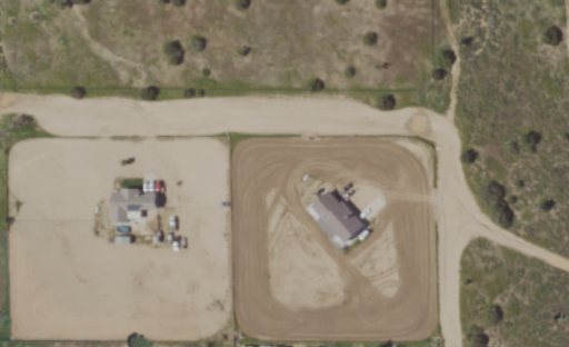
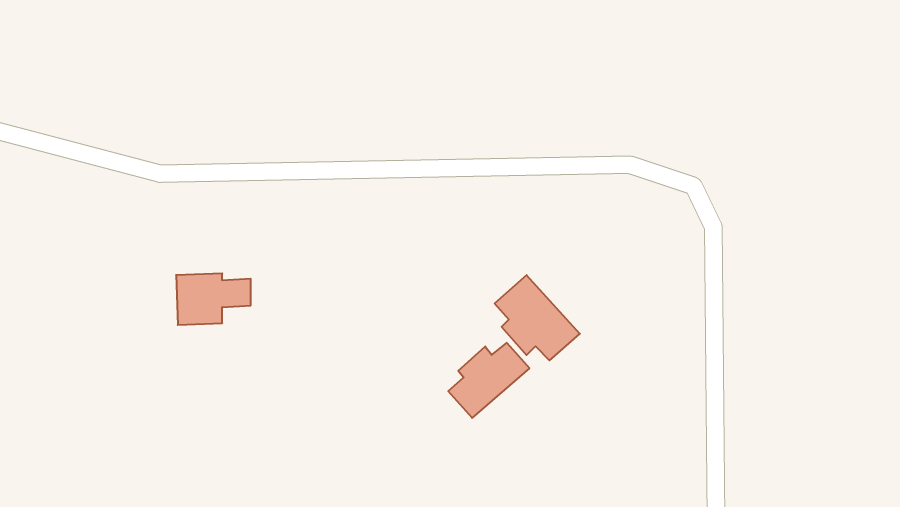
building: none -> [448,343,529,418]

